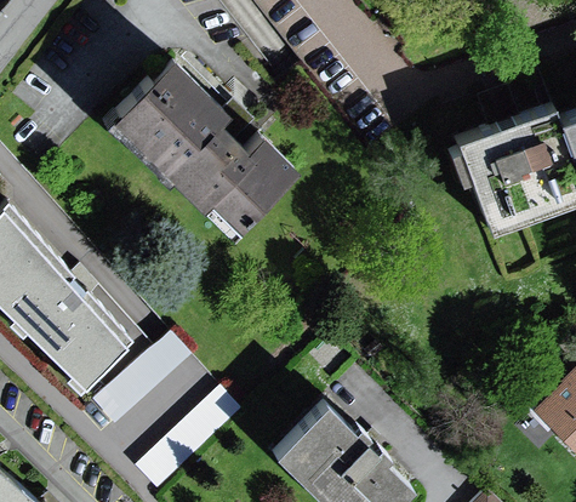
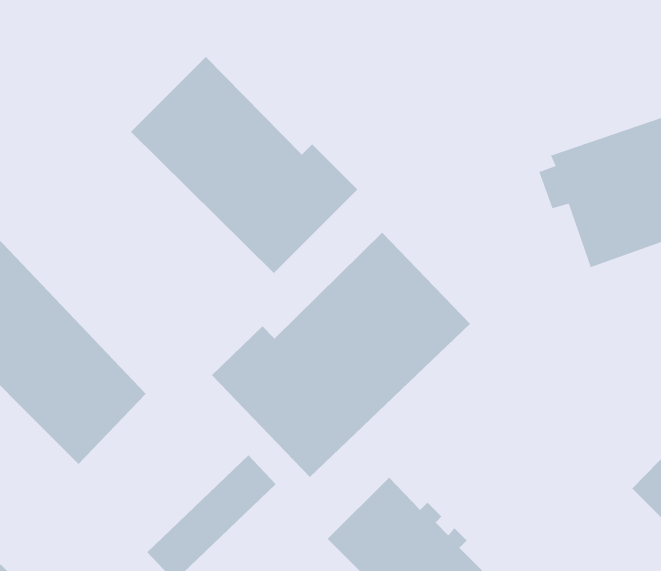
building: none -> [211,232,471,478]
building: [89,332,188,427] -> none

